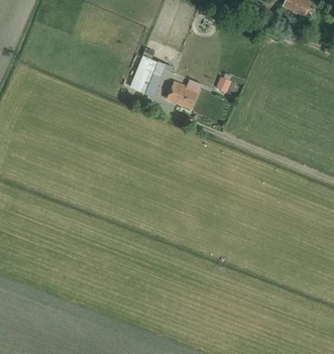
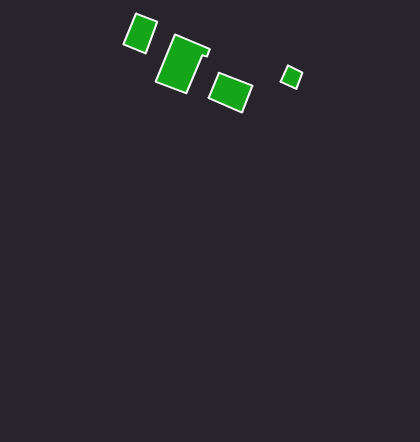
building: none -> [124,13,157,54]

